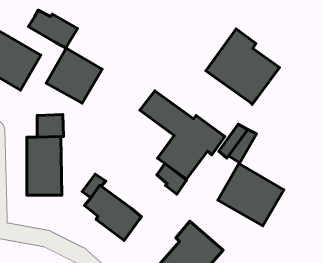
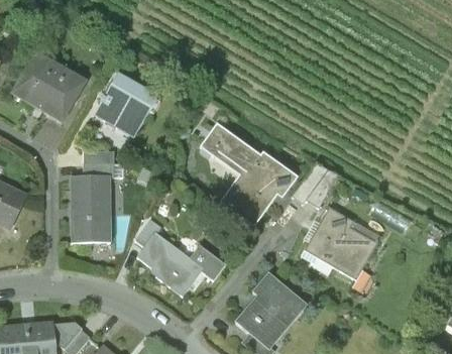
building: [29,10,77,48] -> none
building: [206,29,280,105] -> none
building: [157,164,187,194] -> [194,245,228,280]

